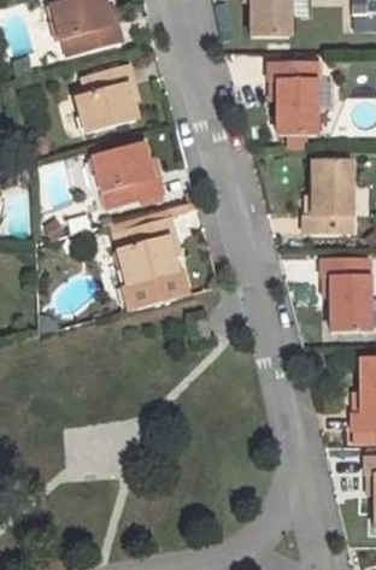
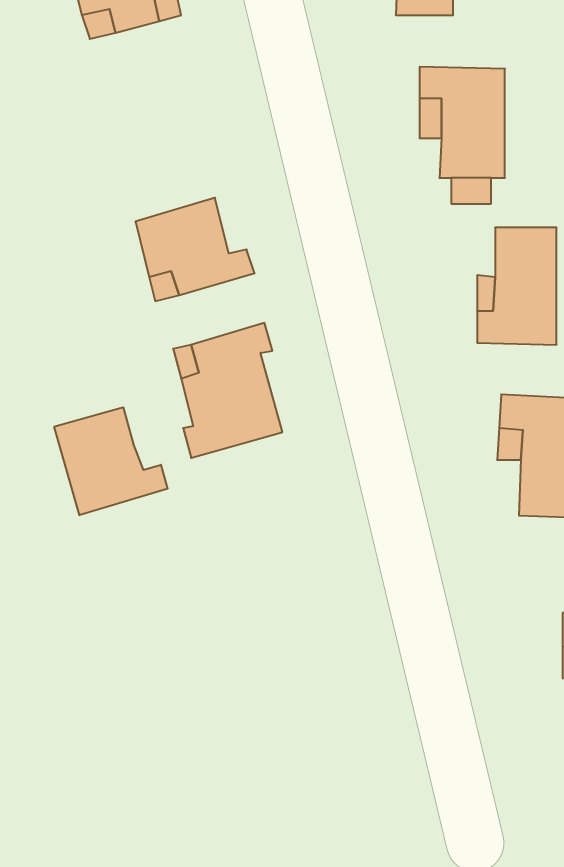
building: [82,67,139,130] -> none
building: none -> [54,407,168,515]

